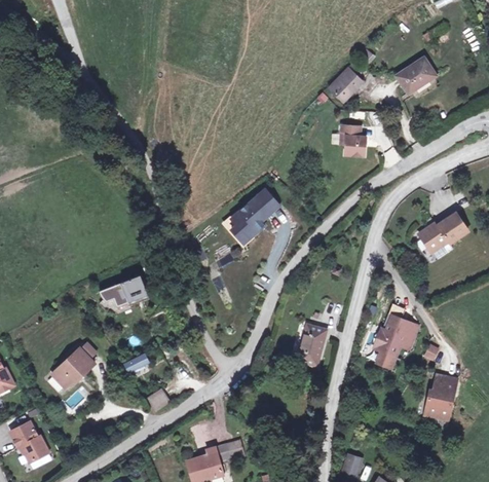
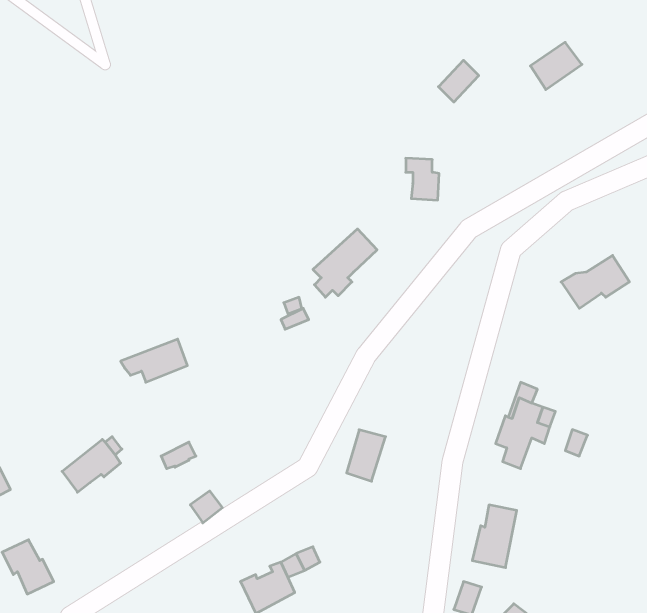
building: [341,125,366,156] -> [406,158,439,200]
building: [302,324,331,362] -> [347,430,386,481]
building: [423,372,456,418] -> [472,505,517,568]

